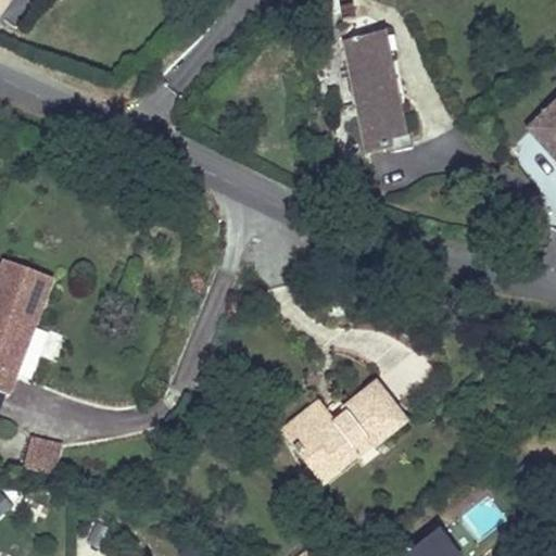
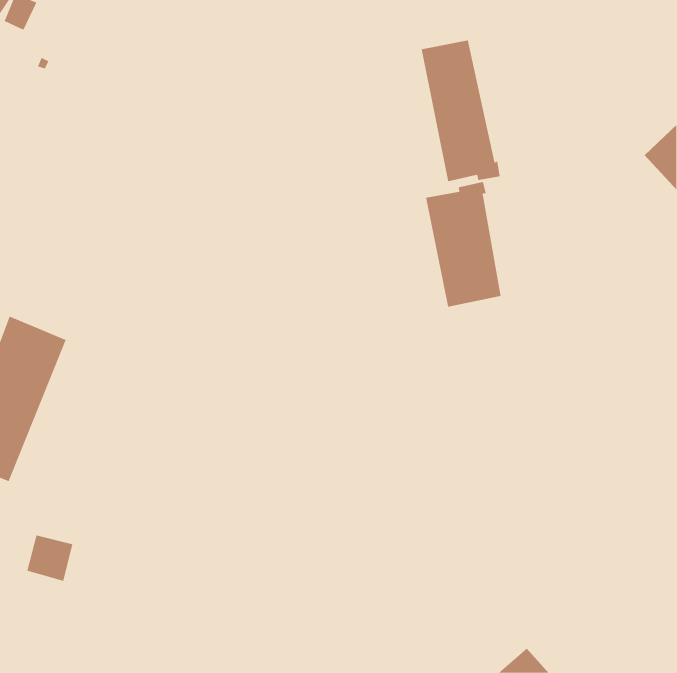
building: none -> [426,181,501,307]
building: [281,376,409,484] -> none

